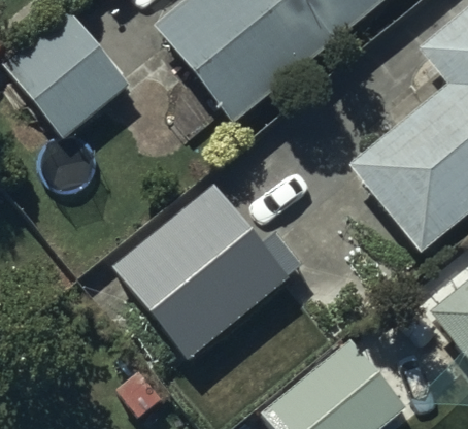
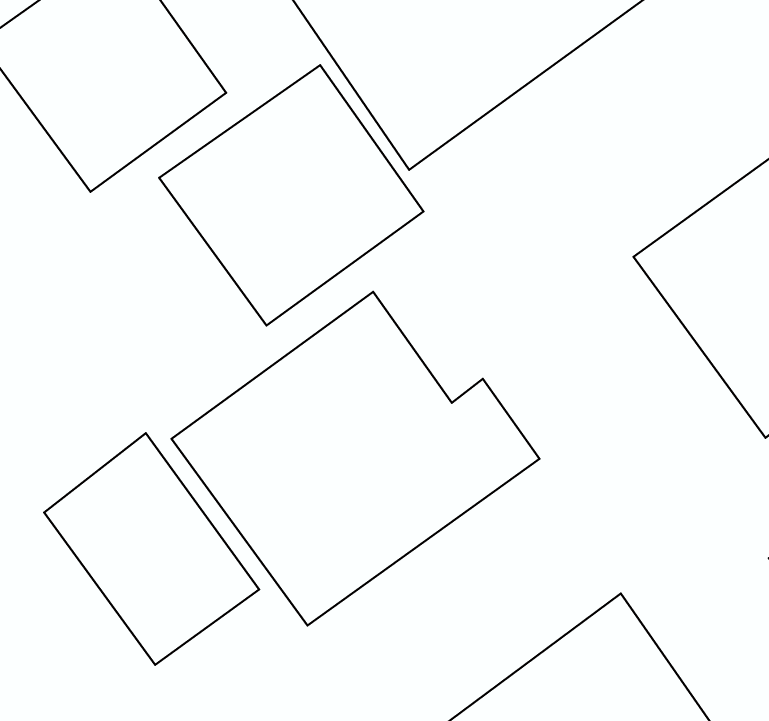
building: none -> [159,65,424,325]
building: none -> [44,433,259,665]

